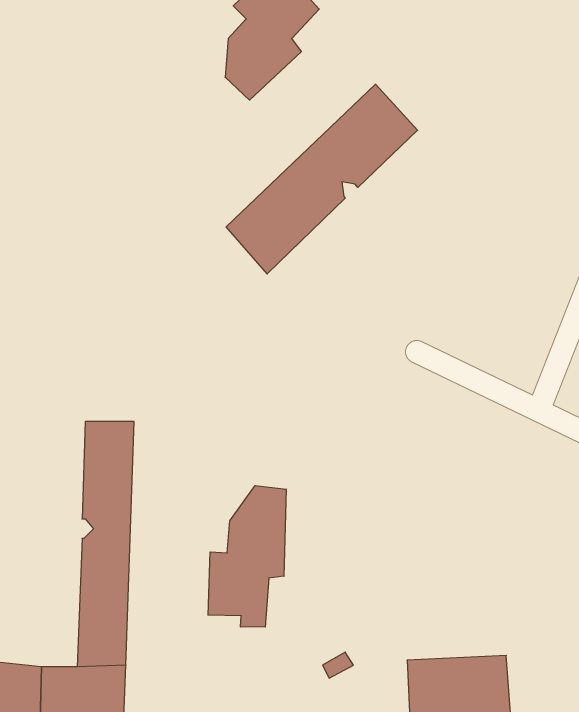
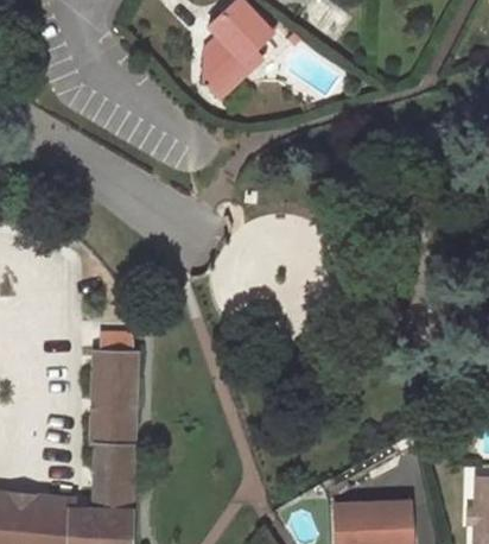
building: [226,84,418,274] -> none
building: [208,486,286,627] -> none

